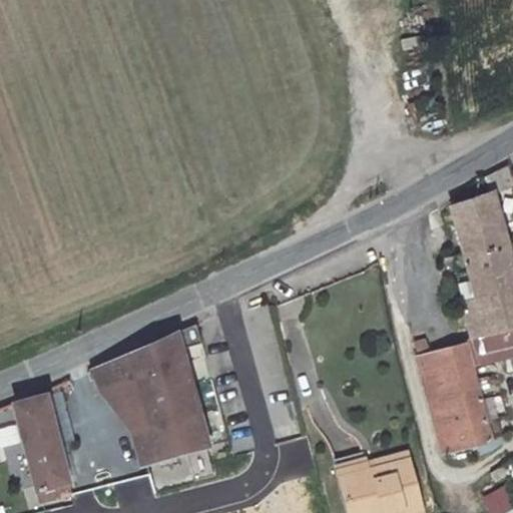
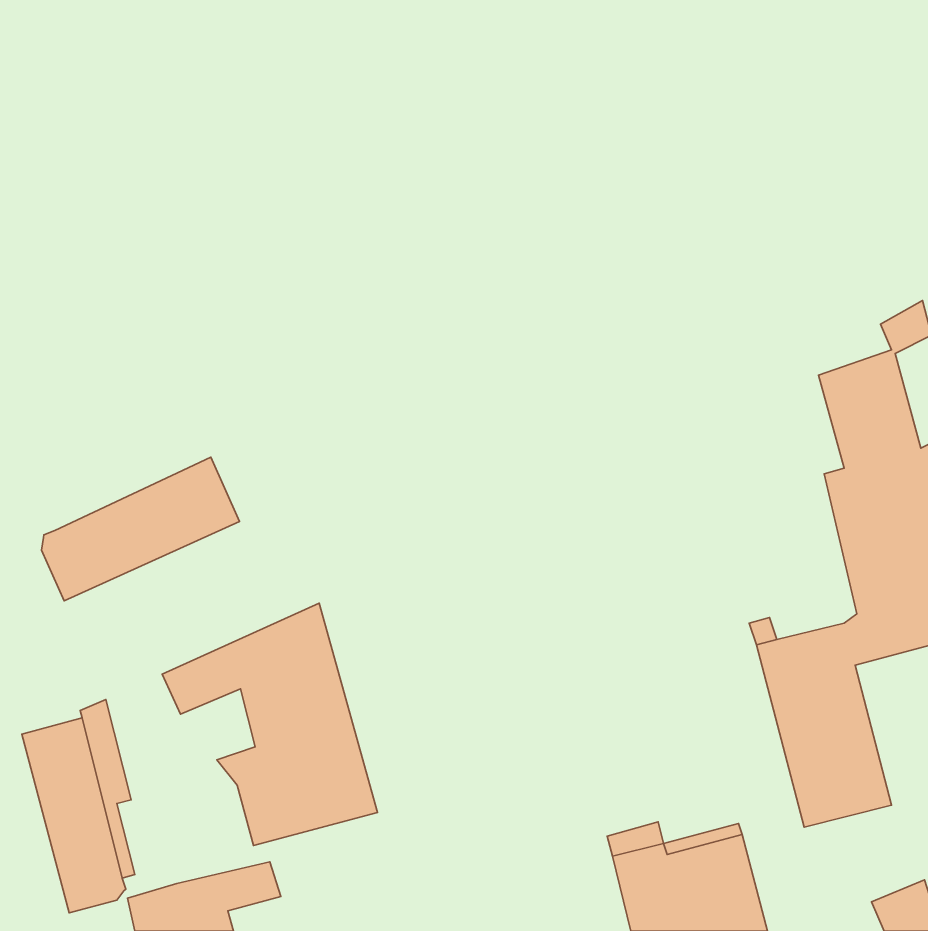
building: none -> [41,457,239,601]
building: [101,379,142,418] -> none

